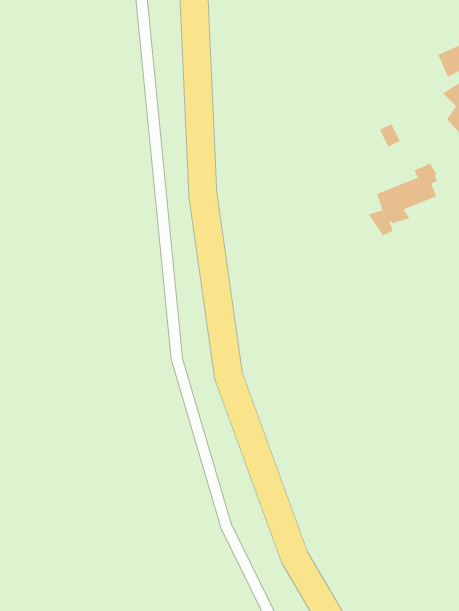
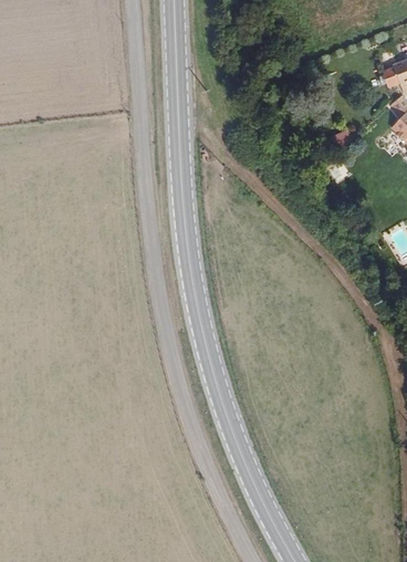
building: [368,162,438,236] -> none

